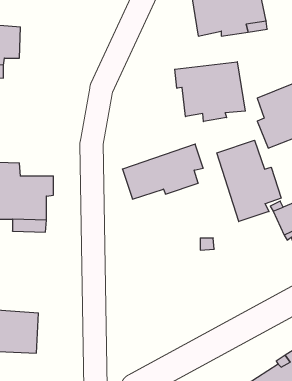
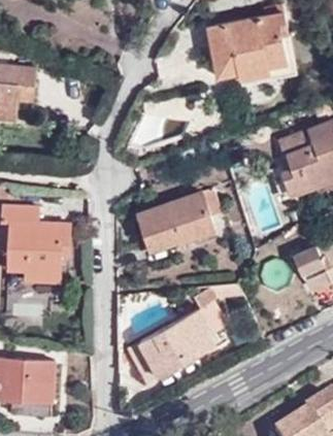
building: [175,62,245,122] -> none
building: [217,140,281,222] -> none
building: none -> [136,290,226,378]

